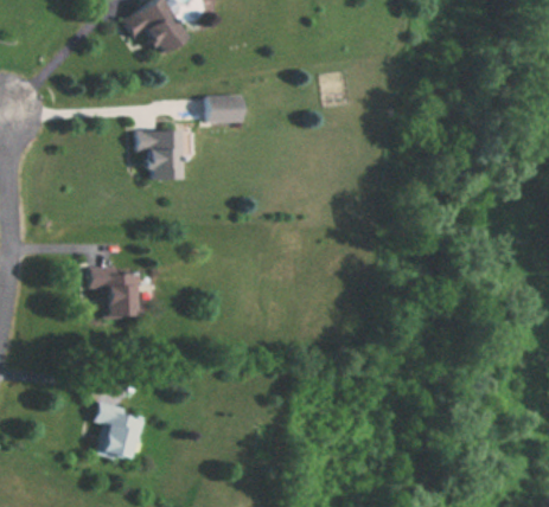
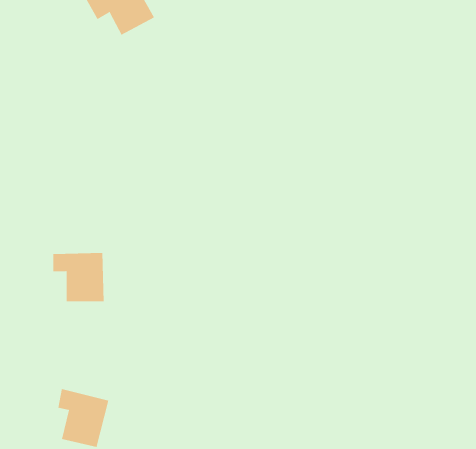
building: [206,95,242,122] -> none
building: [135,130,192,180] -> none

